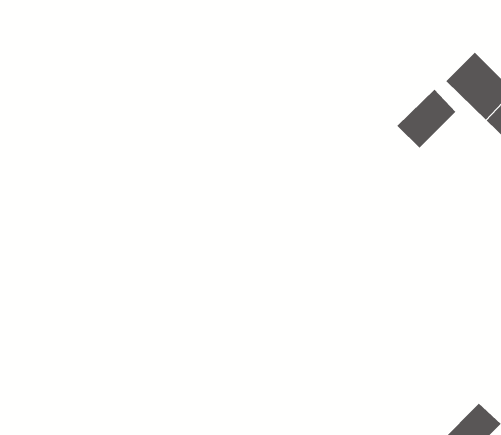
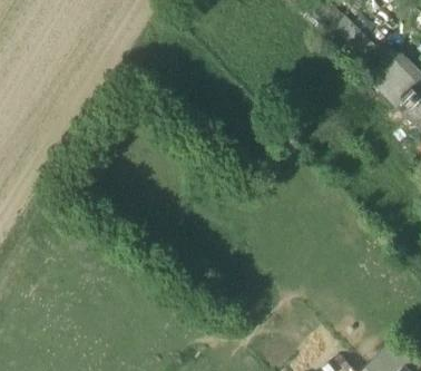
building: [397,89,456,149] -> none

